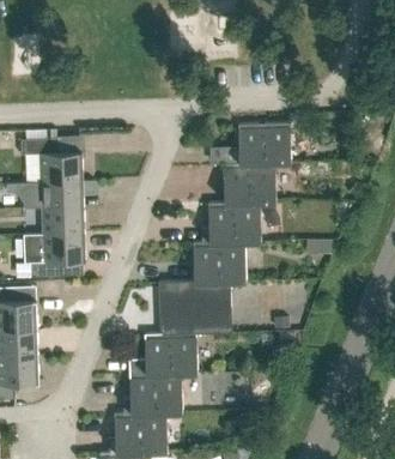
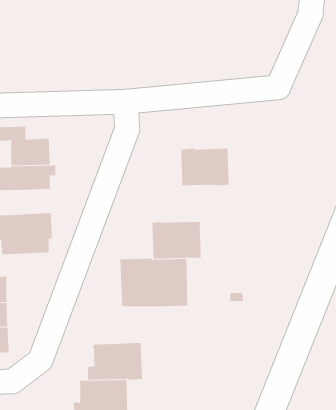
building: [238,122,292,163] -> none
building: [202,201,261,242] -> none
building: [42,206,85,234] -> none
building: [129,333,198,374] -> none

